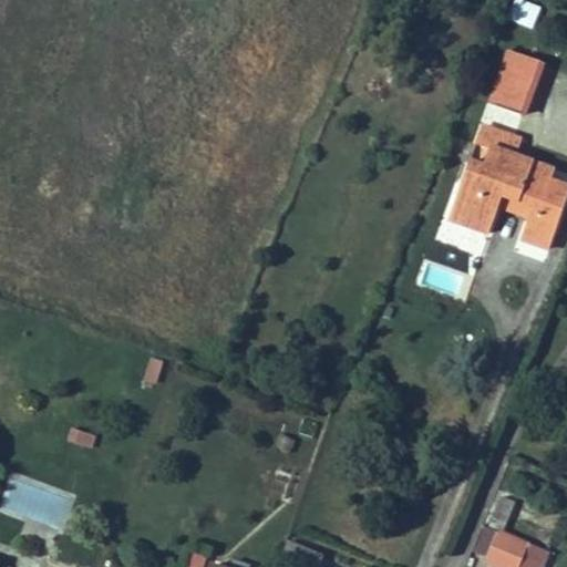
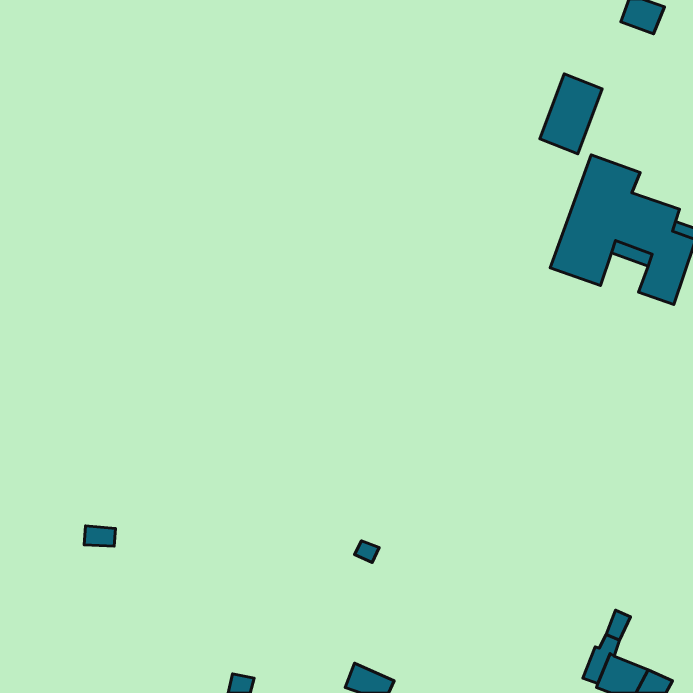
building: [491,50,542,115] -> [540,74,602,154]

